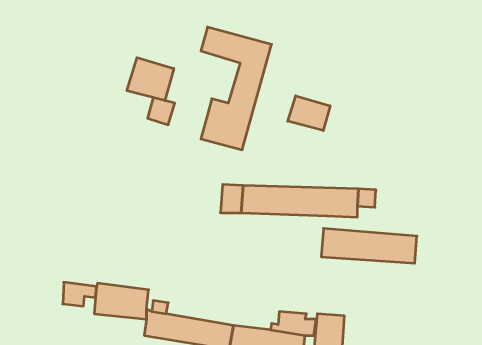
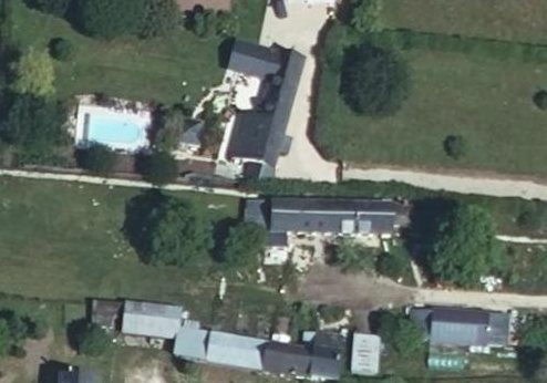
building: [127,58,174,101] -> none
building: [288,96,330,131] -> none
building: [321,228,417,263] -> [413,309,510,344]

